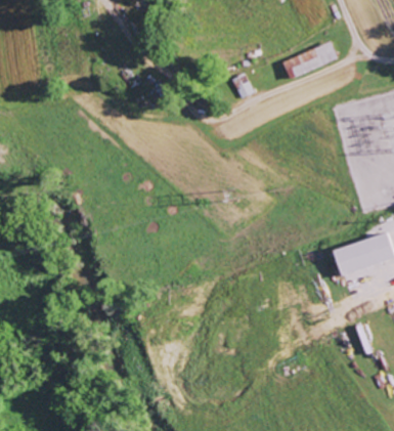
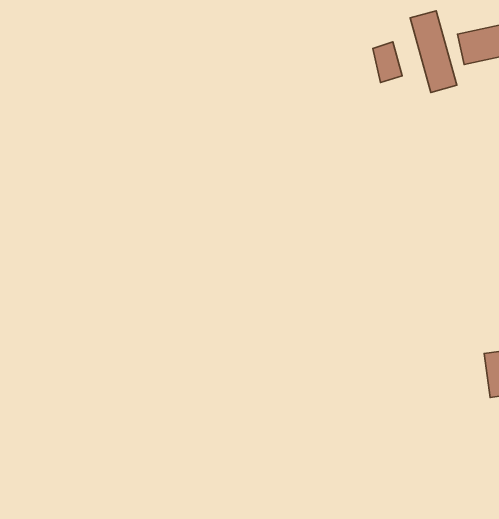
building: none -> [410,11,457,92]

